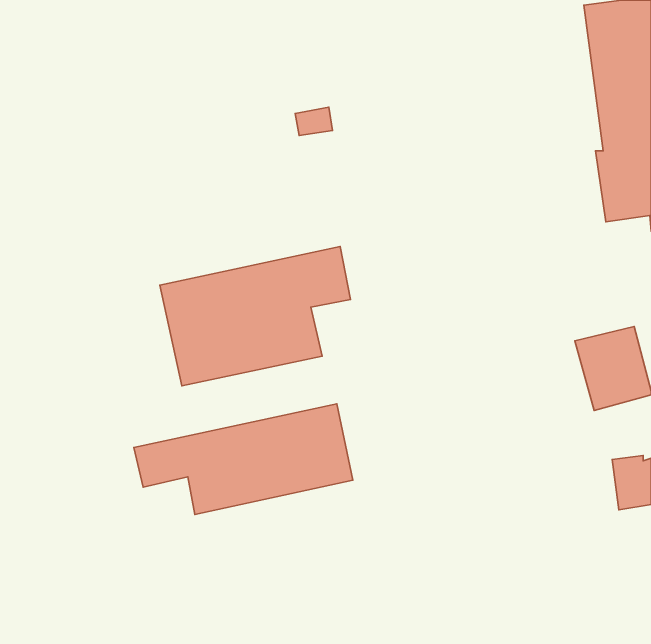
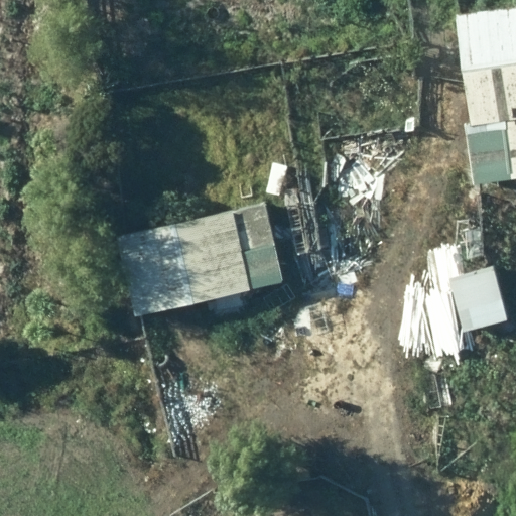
building: [134,404,353,514] -> none

